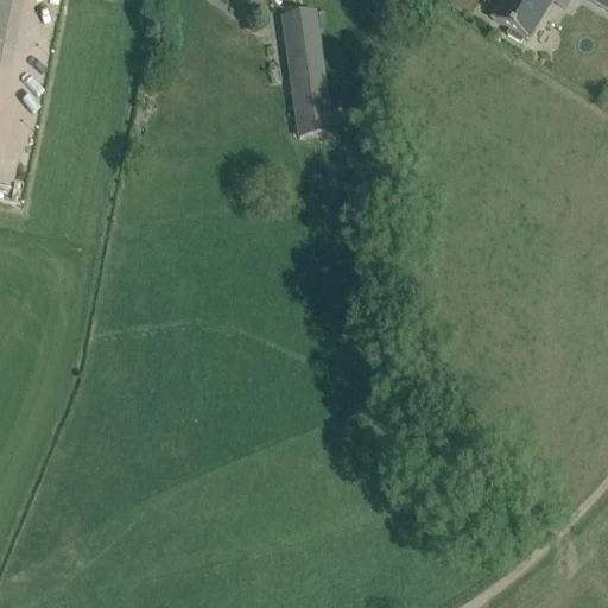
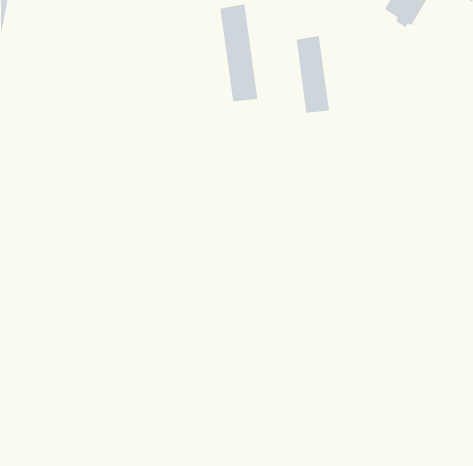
building: none -> [296,35,330,113]

